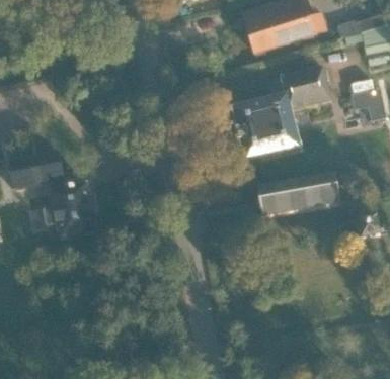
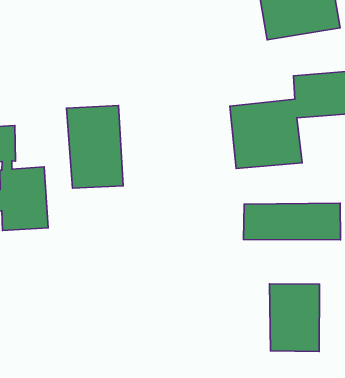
building: none -> [66,105,123,188]
building: none -> [269,284,319,351]

